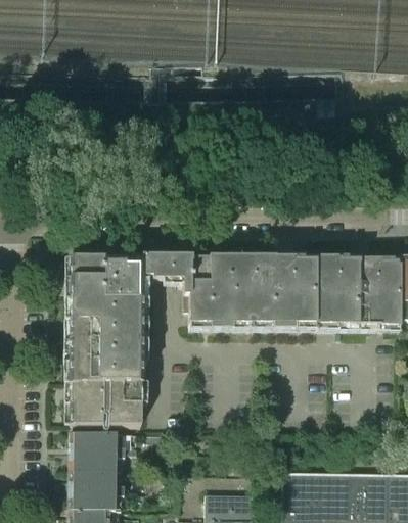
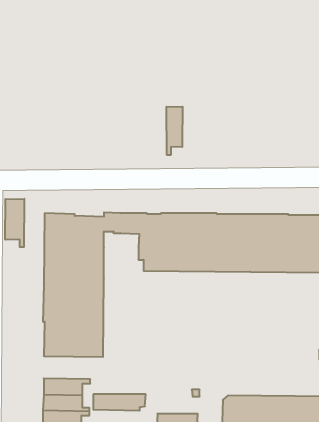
building: none -> [167,107,183,155]
building: none -> [5,199,24,247]
building: [71,434,133,454] -> [93,394,146,411]

